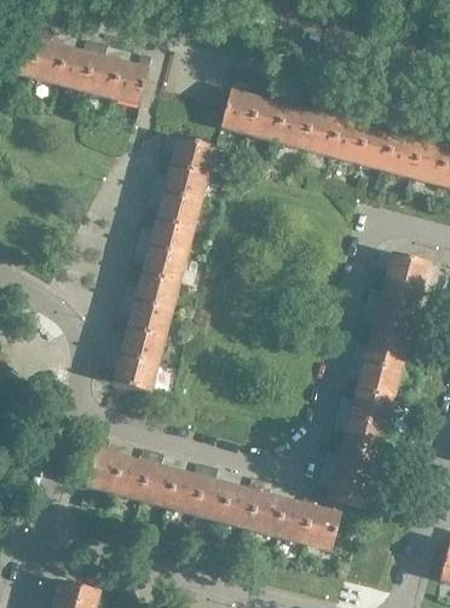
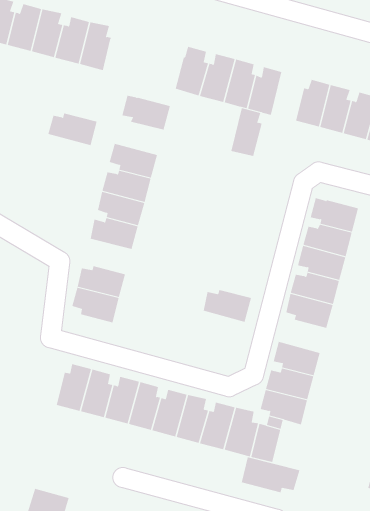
building: [334,109,370,164] -> [230,107,262,156]
building: [155,166,212,203] -> [48,113,98,146]
building: [121,299,175,338] -> none
building: [341,390,397,428] -> [203,289,252,322]
building: none -> [241,457,300,493]

